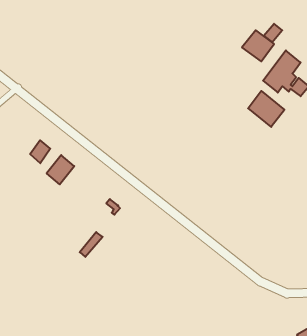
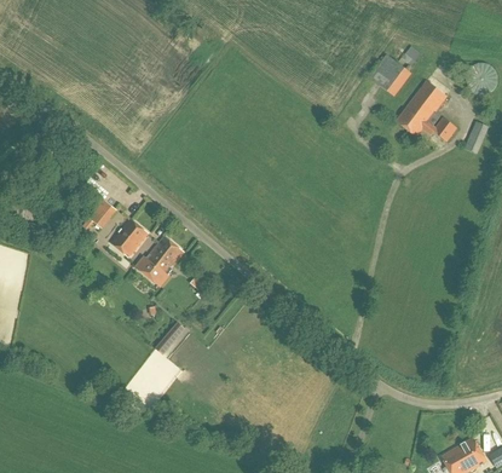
building: [248,91,284,127] -> none
building: none -> [134,236,183,287]

